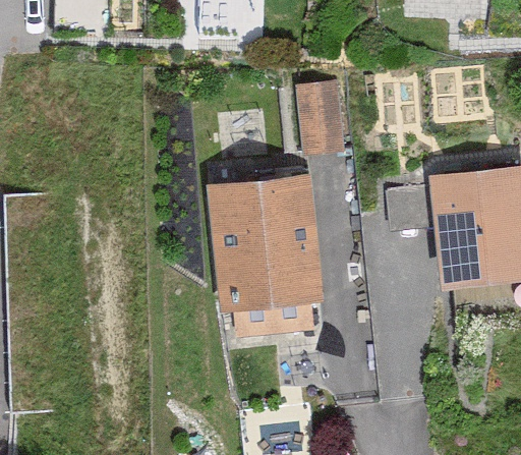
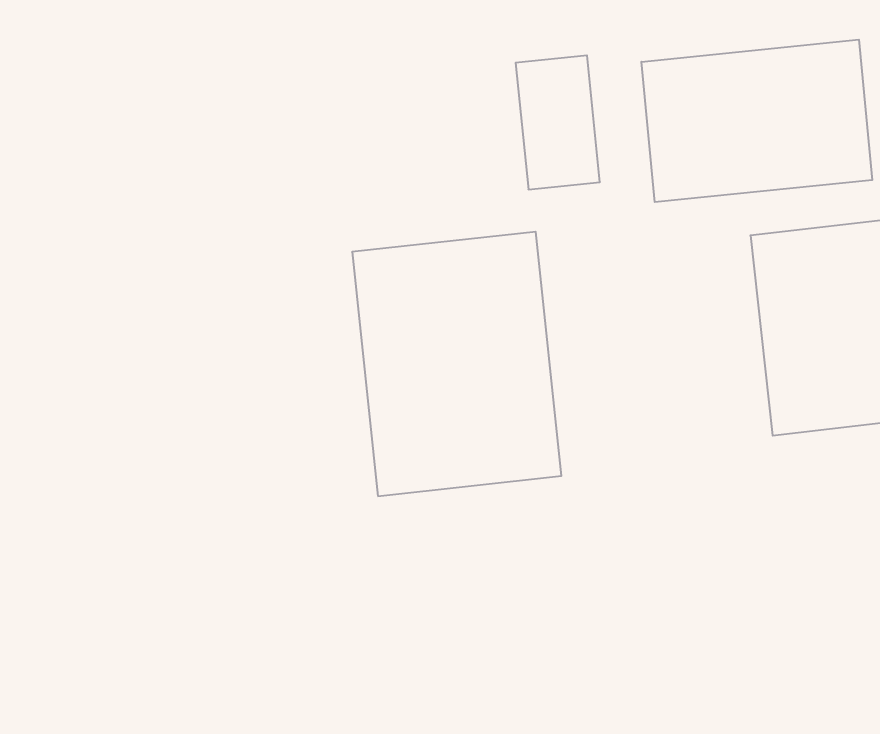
building: none -> [641,40,872,202]

